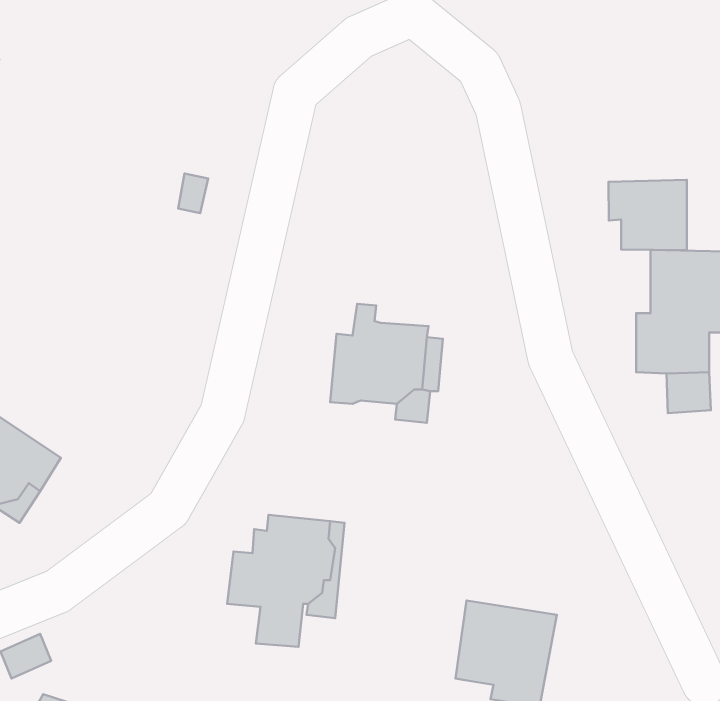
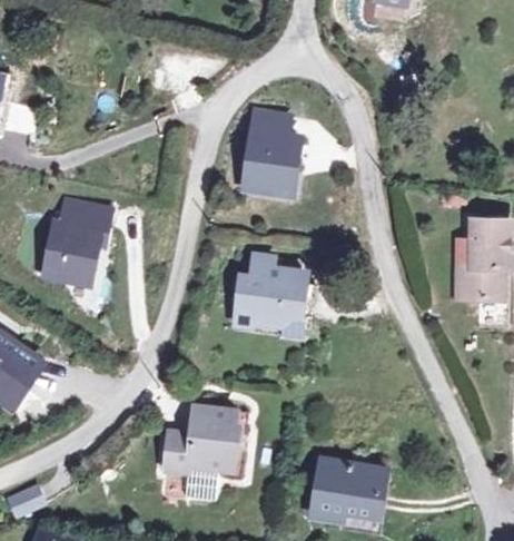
building: none -> [244,111,303,197]
building: [609,180,687,250] -> none
building: none -> [42,203,107,285]

